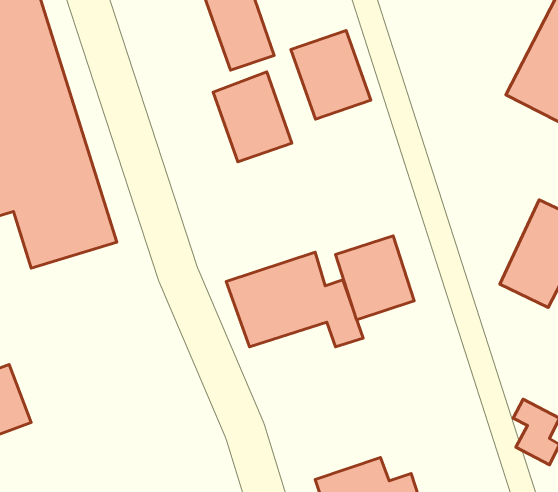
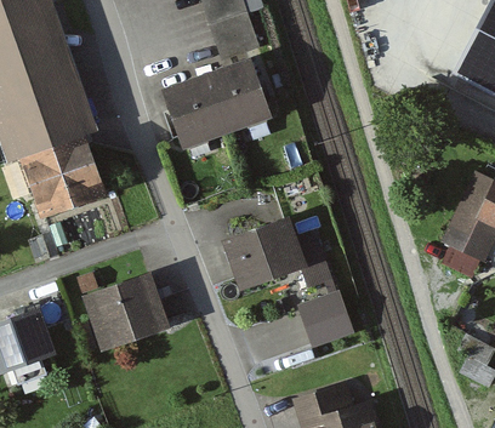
building: [291,30,371,119] -> [160,79,227,153]
building: [336,236,414,320] -> none
building: none -> [76,269,170,352]
building: none -> [297,292,351,346]

